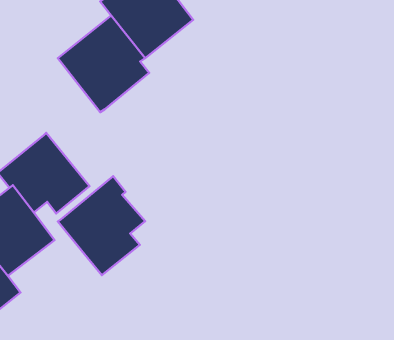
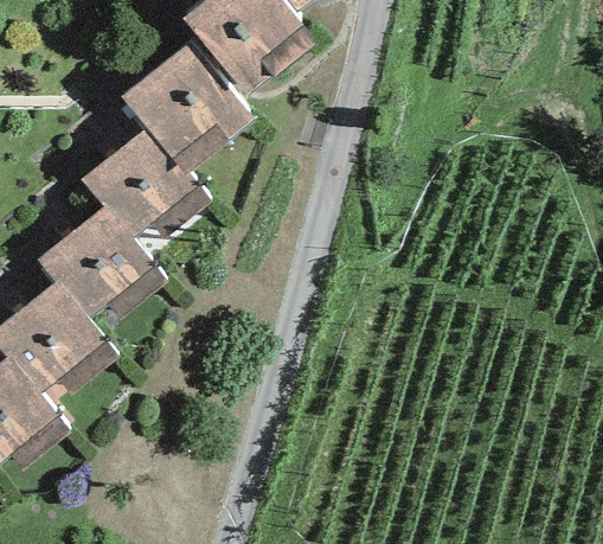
building: none -> [78,127,212,254]
building: [58,176,145,275] -> none

